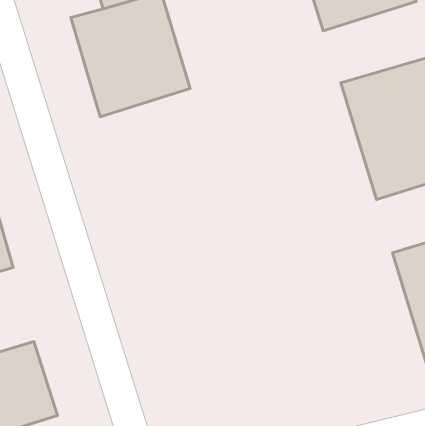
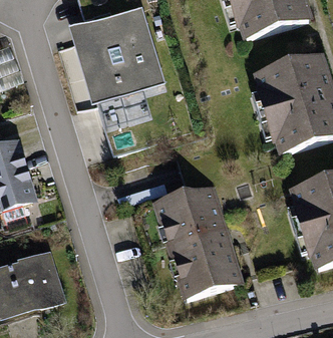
building: none -> [155,185,240,297]

